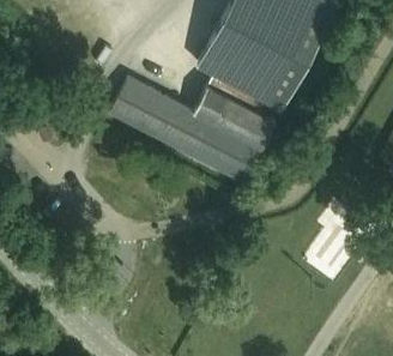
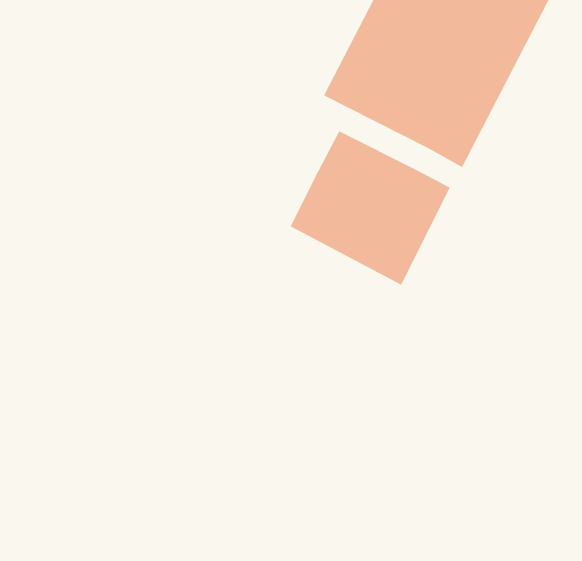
building: [110,79,194,147] -> none

